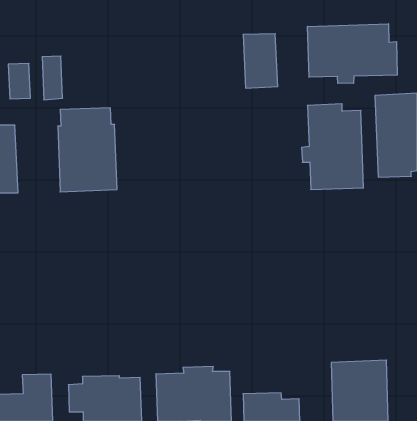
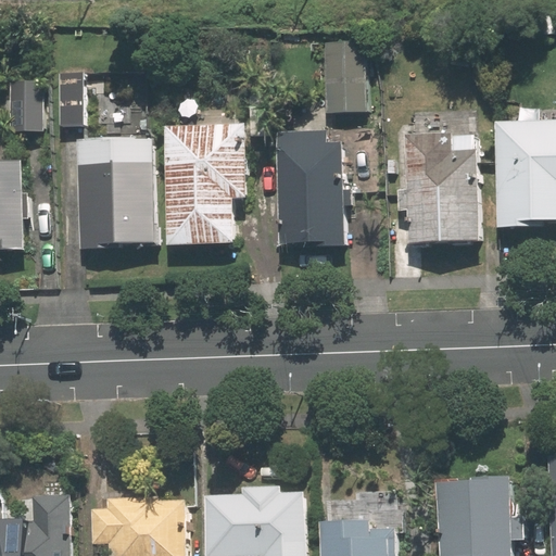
building: [307,24,397,83] -> none
building: none -> [163,126,245,250]
building: none -> [276,134,344,251]

